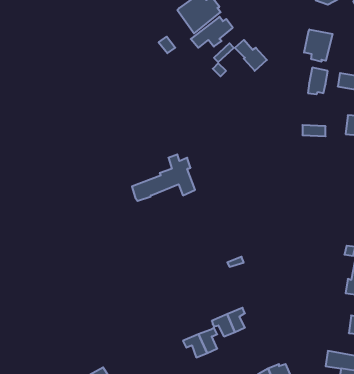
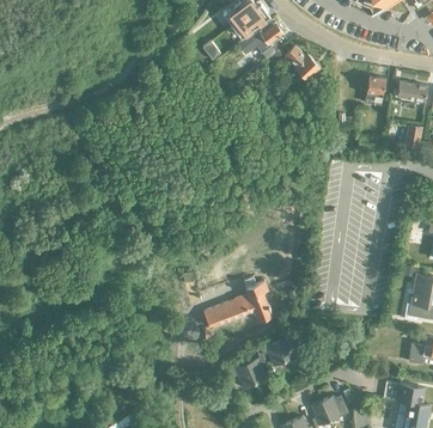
building: [304,29,333,62] -> none
building: [132,154,195,201] -> [203,277,272,328]

